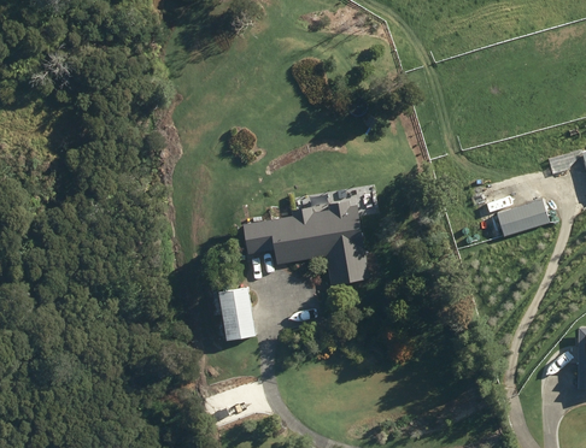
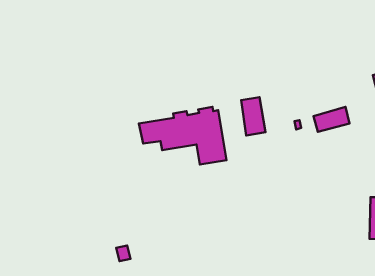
building: none -> [241,97,265,135]
building: [211,287,258,340] -> none

